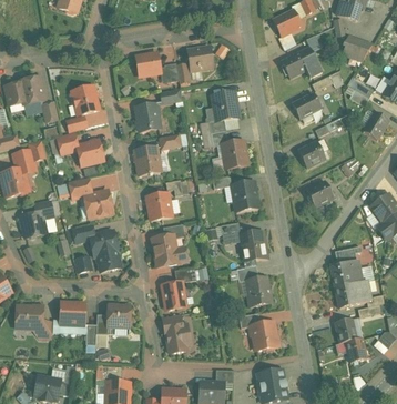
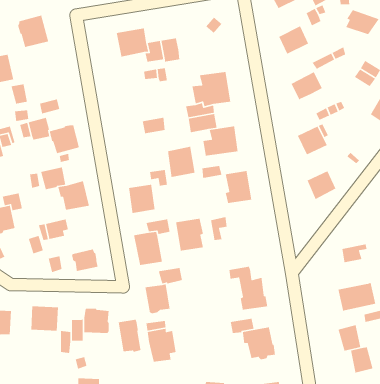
building: [189,43,216,72] -> none
building: [71,84,100,114] -> [17,14,49,48]
building: [135,103,161,130] -> none
building: [135,145,161,174] -> [167,146,196,178]
building: [90,229,119,254] -> none
building: [241,230,266,260] -> [175,218,204,251]
building: [330,260,362,286] -> none
building: none -> [118,319,142,352]

